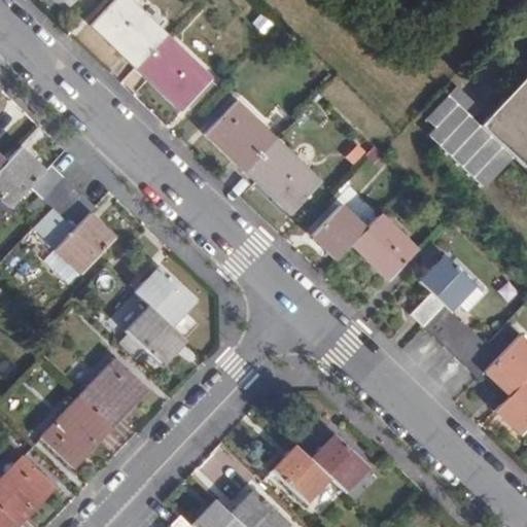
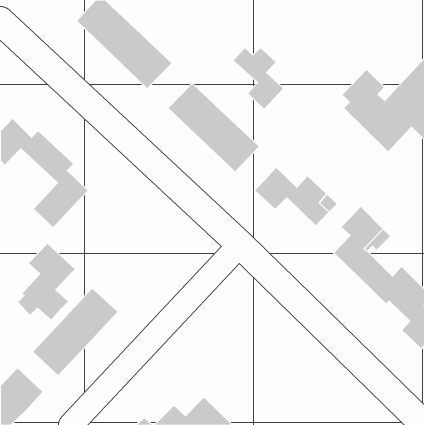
building: none -> [233,47,284,109]
building: [118,265,190,360] -> [17,243,76,321]
building: [271,435,366,501] -> none

